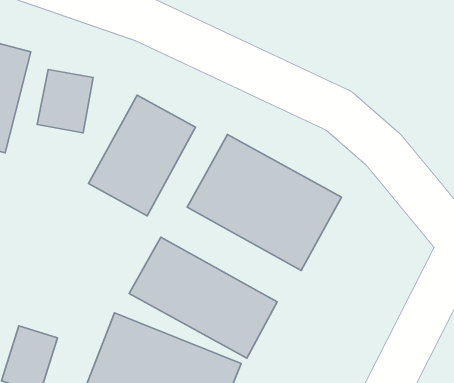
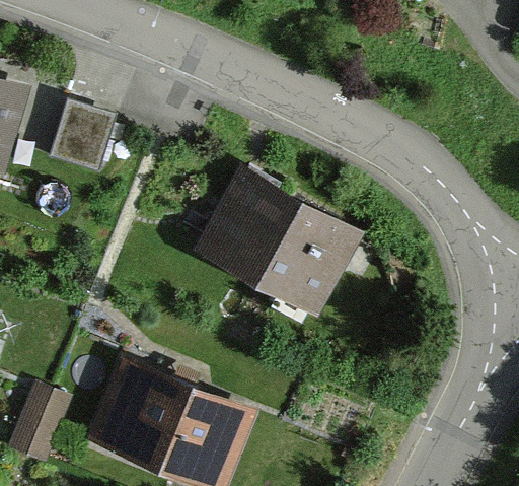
building: [88,95,196,216] -> none
building: [129,237,277,358] -> none

